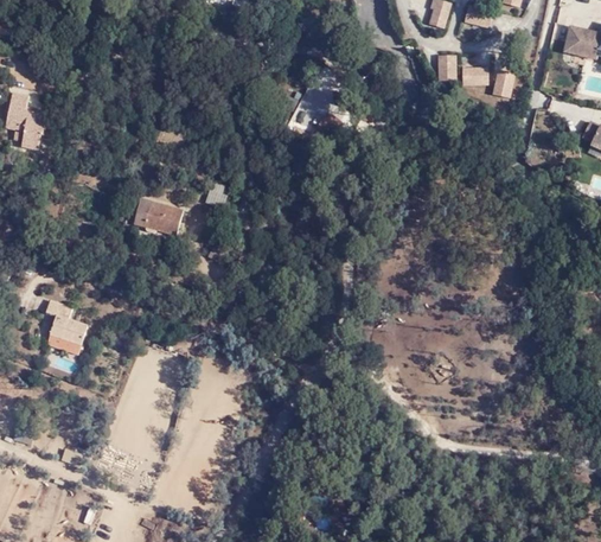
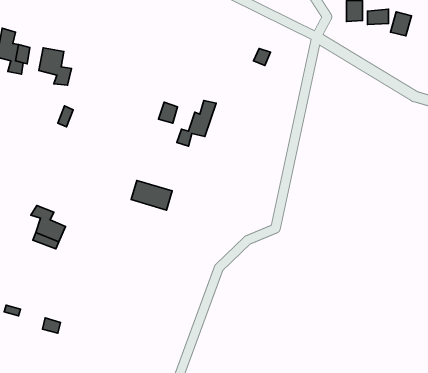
building: none -> [39,48,72,85]
building: none -> [177,101,216,146]
building: [130,200,181,237] -> [131,180,172,210]

